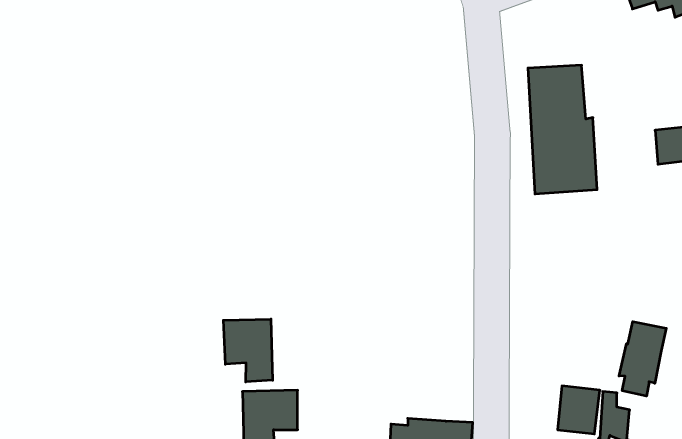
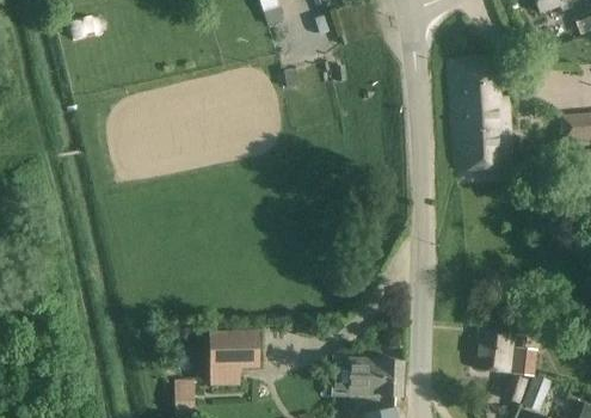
building: [223,319,273,382] -> none
building: [619,322,666,396] -> none

